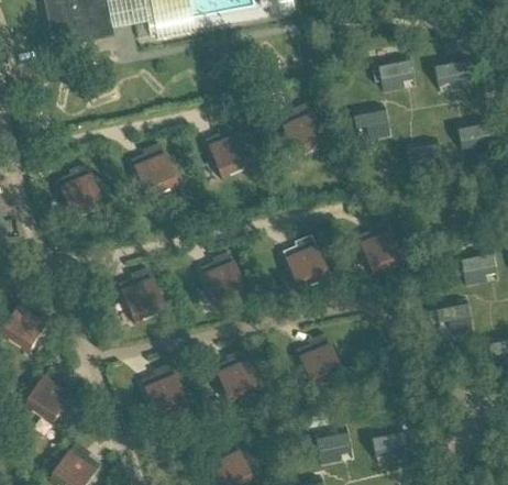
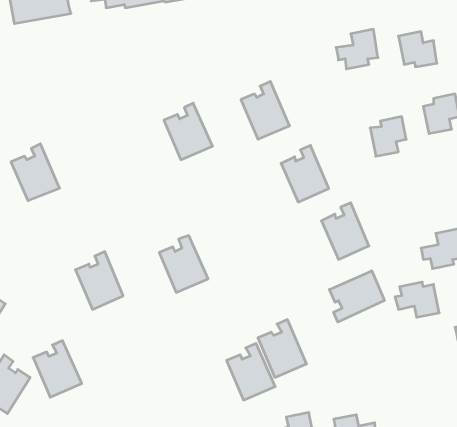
building: [352,104,389,139] -> none
building: [131,143,178,199] -> none
building: [283,235,329,290] -> [281,145,329,202]
building: none -> [329,271,384,322]
building: [213,350,261,405] -> [227,343,275,400]
building: [141,364,188,419] -> [33,341,82,397]

